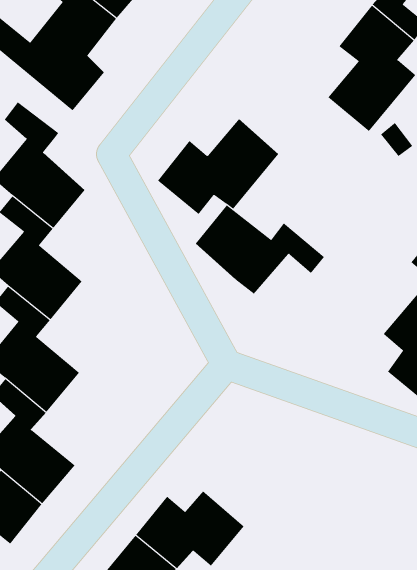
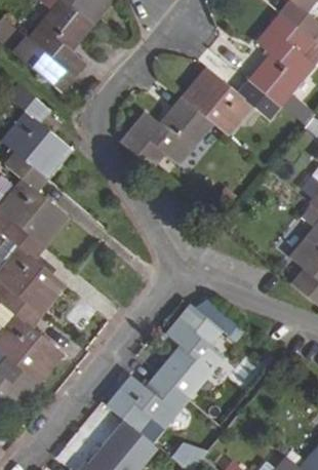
building: [195,205,325,295] -> [183,67,279,133]
building: none -> [156,303,238,398]

